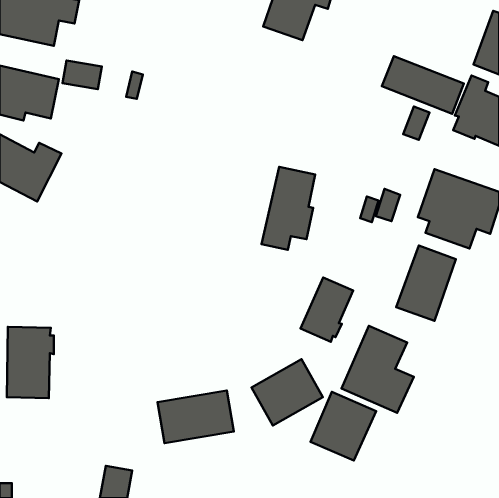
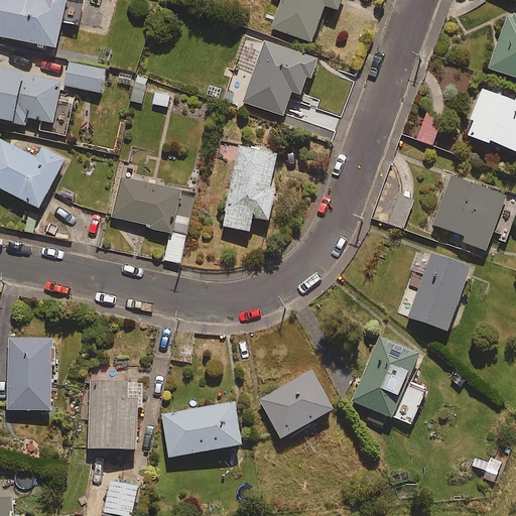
building: none -> [243,40,317,115]
building: [382,56,464,114] -> none
building: [261,167,315,250] -> [222,145,277,231]
building: none -> [111,177,196,263]
building: [300,278,353,342] -> none
building: none -> [88,380,141,449]
building: [310,392,376,460] -> none

